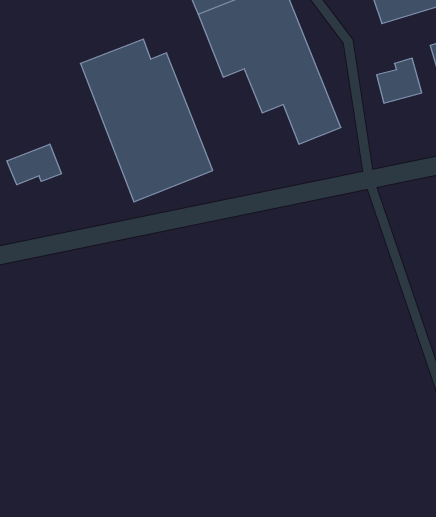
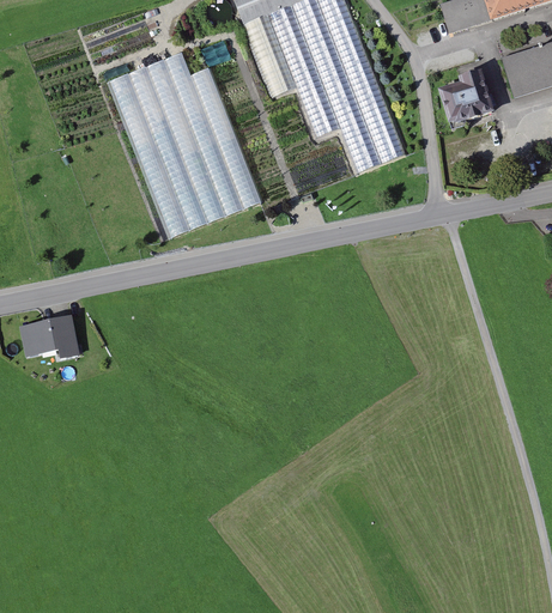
building: [7,144,61,185] -> none
building: none -> [22,316,81,357]

